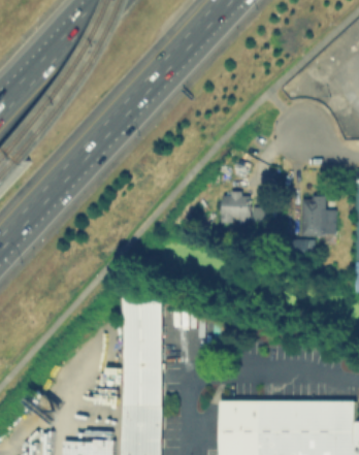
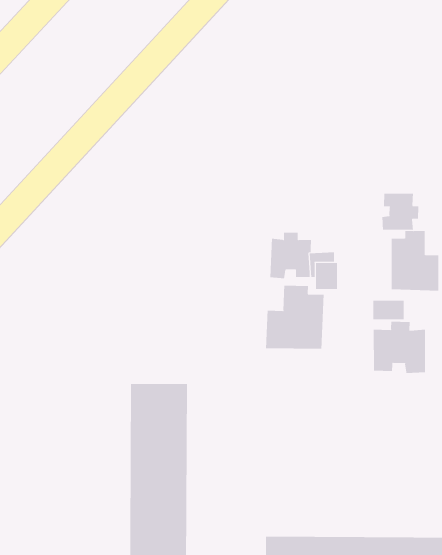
building: none -> [382,193,419,231]
building: none -> [266,285,324,349]
building: none -> [373,321,425,374]

